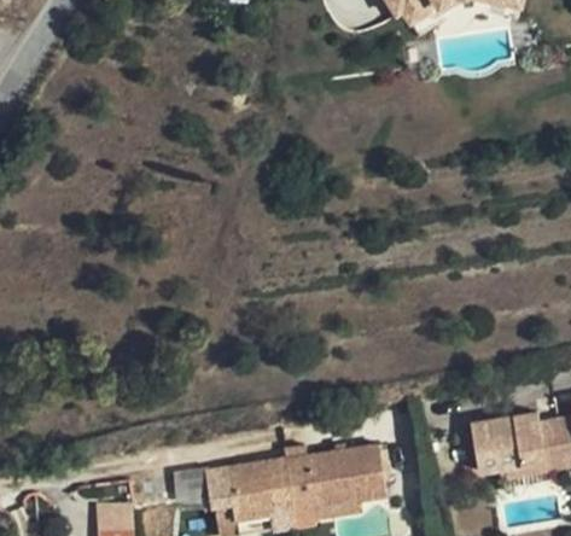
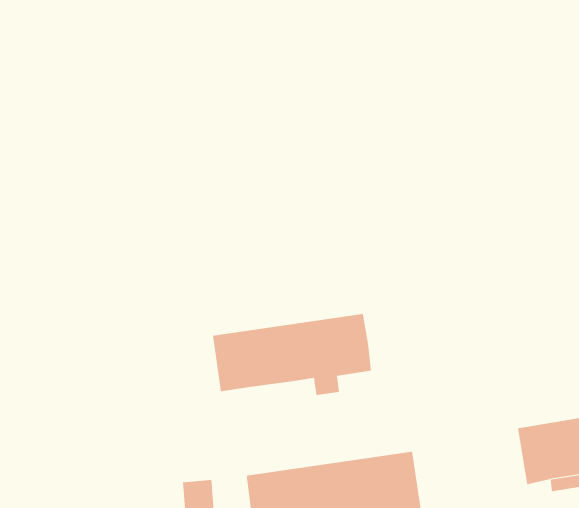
building: none -> [213,313,372,396]

